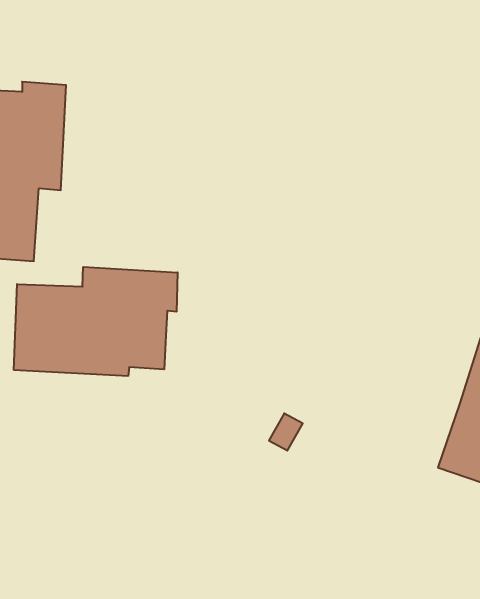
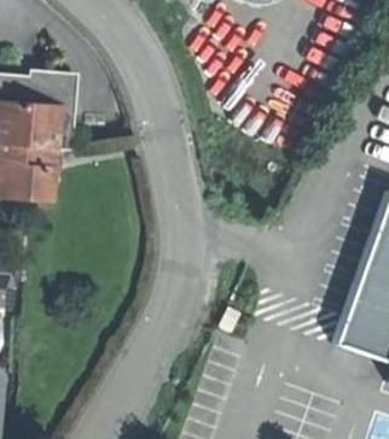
building: [14,267,178,376] -> none

